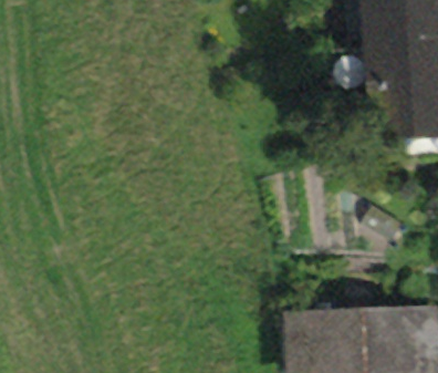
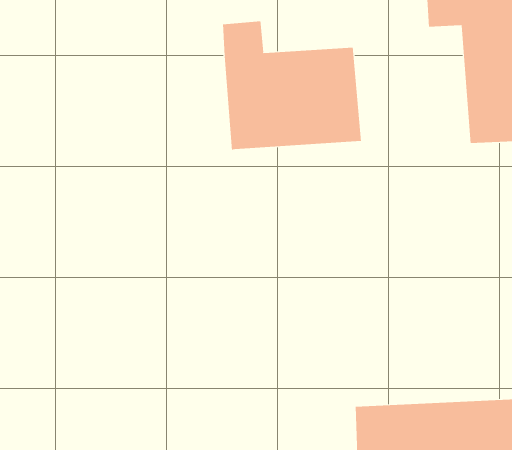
building: none -> [223,20,361,150]

